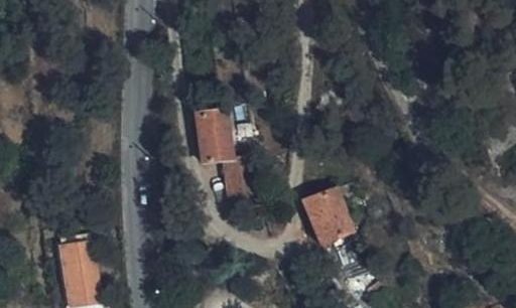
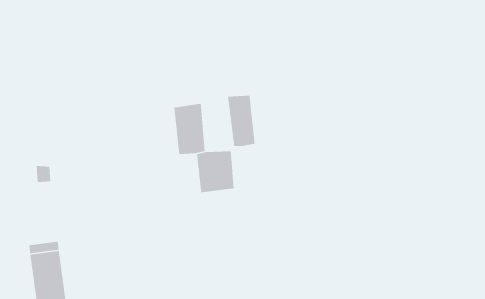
building: none -> [227,95,256,147]
building: [302,185,355,245] -> none

